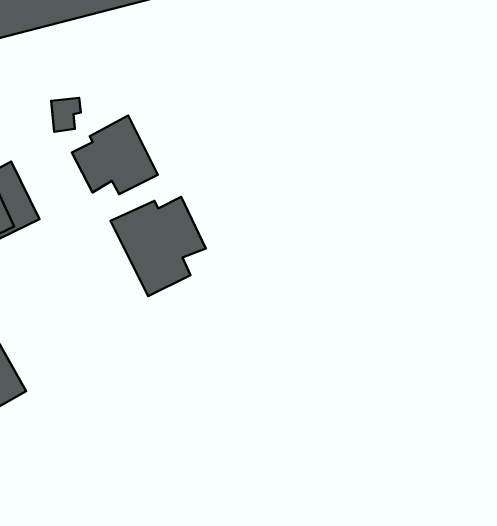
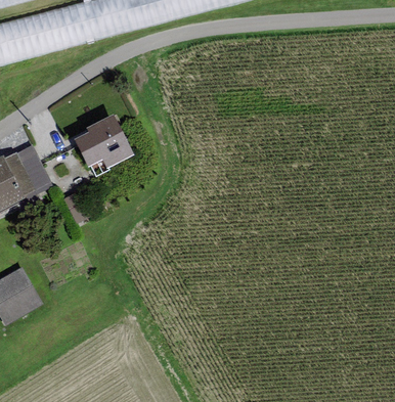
building: [110,197,206,296] -> none

